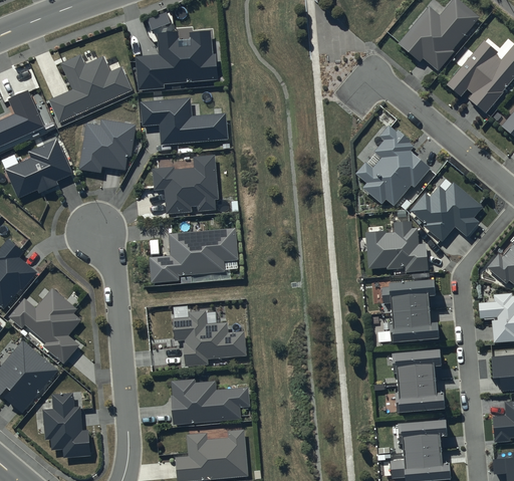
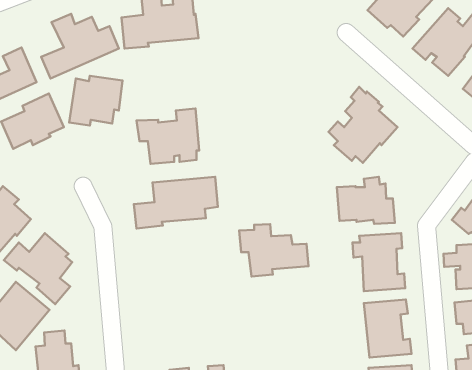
building: [140,95,228,144] -> none
building: [412,188,483,246] -> none
building: [172,309,246,366] -> [239,224,309,277]
building: [170,378,249,423] -> none

